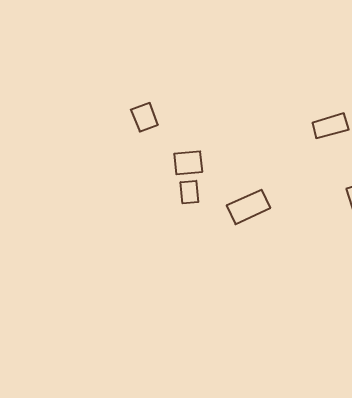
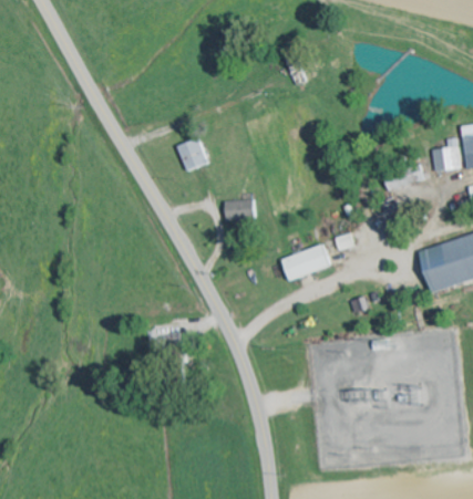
building: [181,181,198,203] -> none

